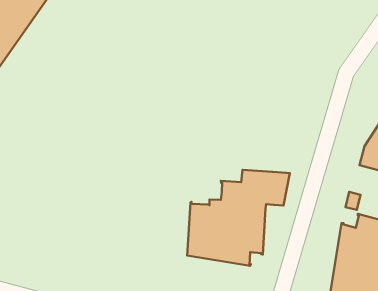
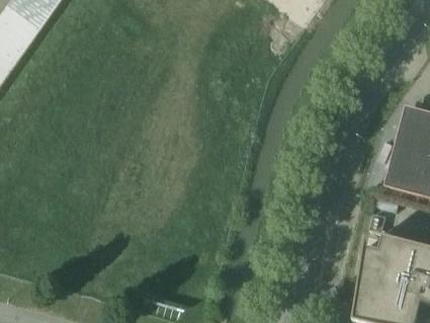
building: [187,170,290,266] -> none

